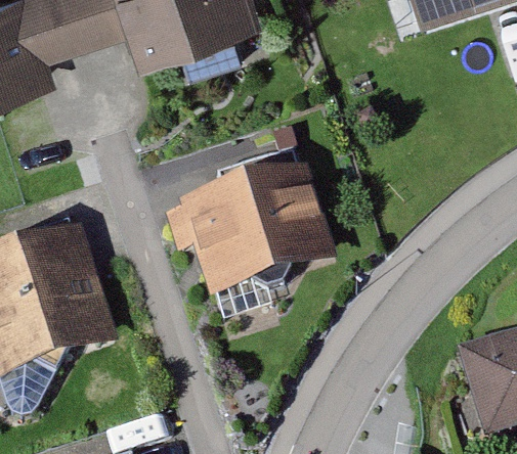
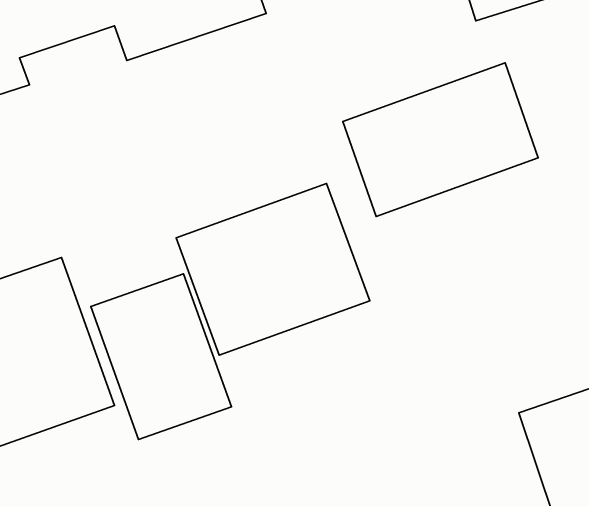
building: none -> [343,63,538,216]
building: none -> [91,274,231,439]

